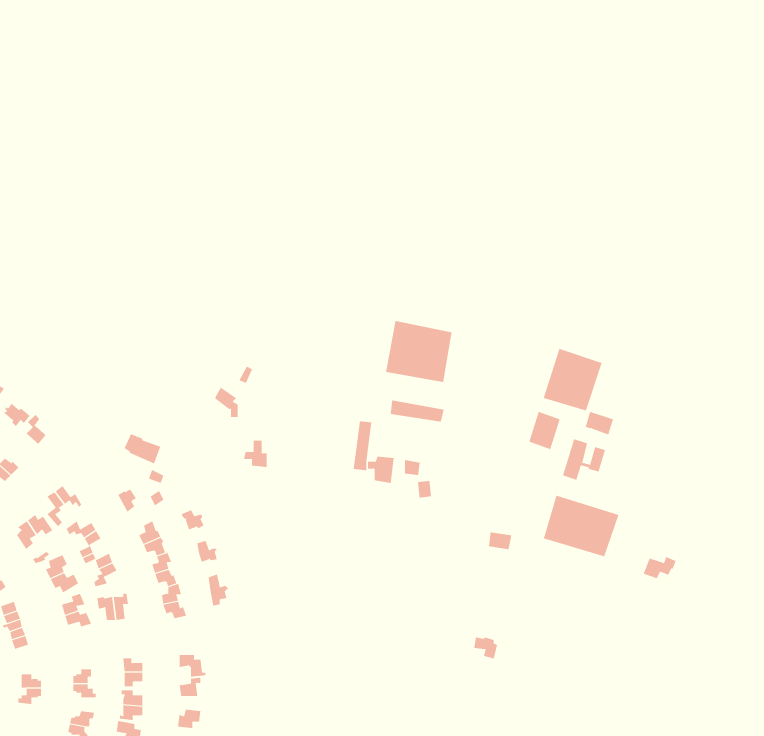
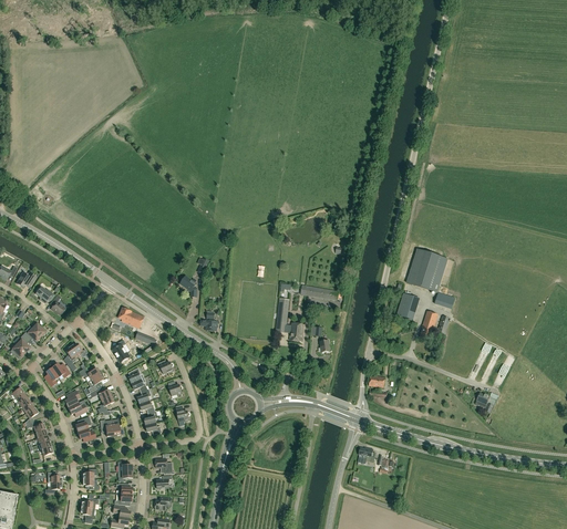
building: [386,320,452,383] -> none
building: [543,495,619,557] -> none

